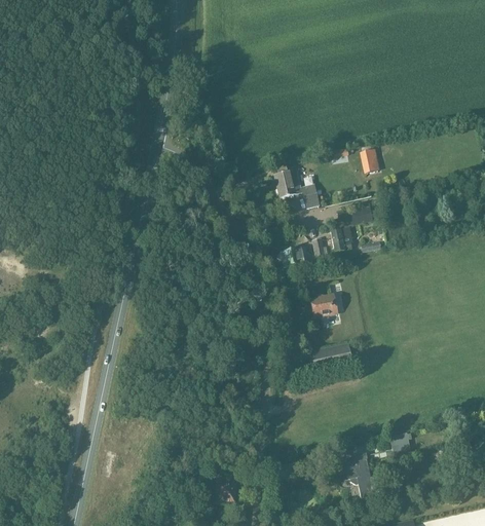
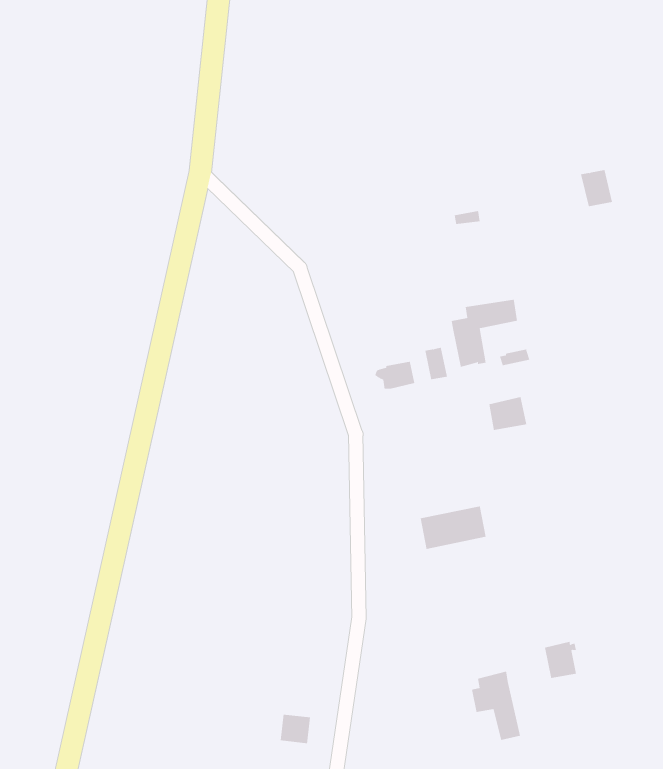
building: [360,148,381,173] -> [580,169,613,207]
building: [275,167,321,208] -> none
building: [311,293,337,315] -> [488,396,527,431]

